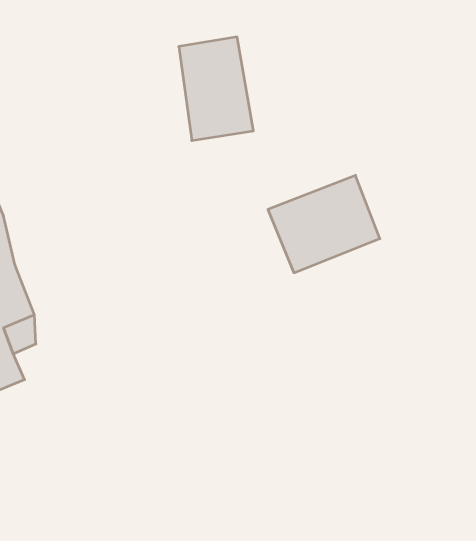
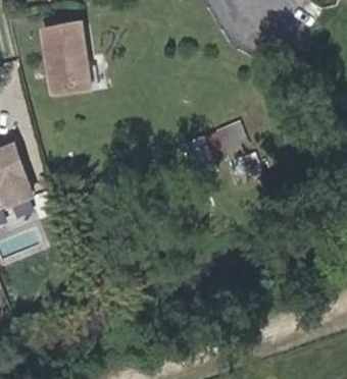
building: [179,37,253,141] -> [42,26,89,92]

